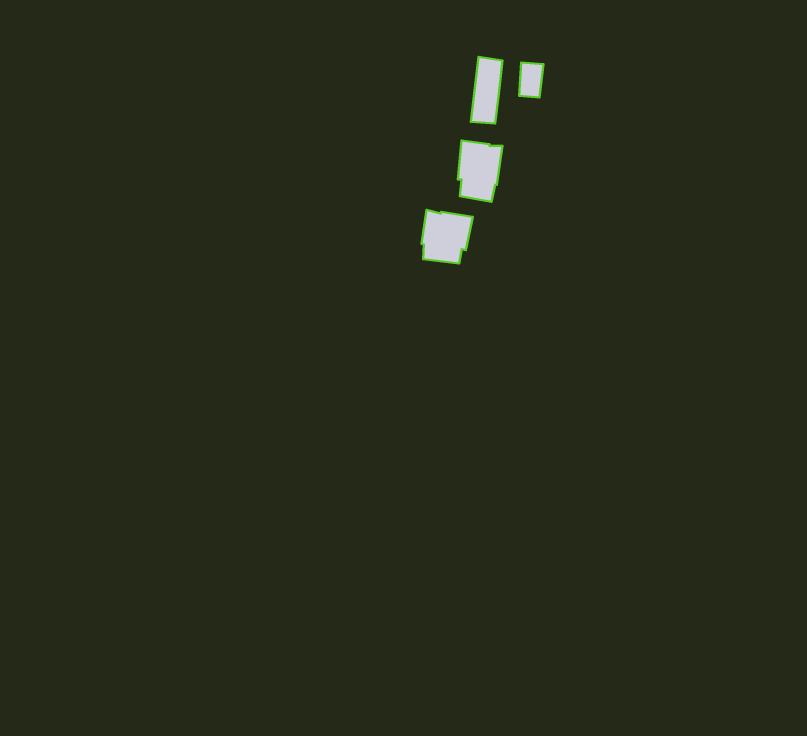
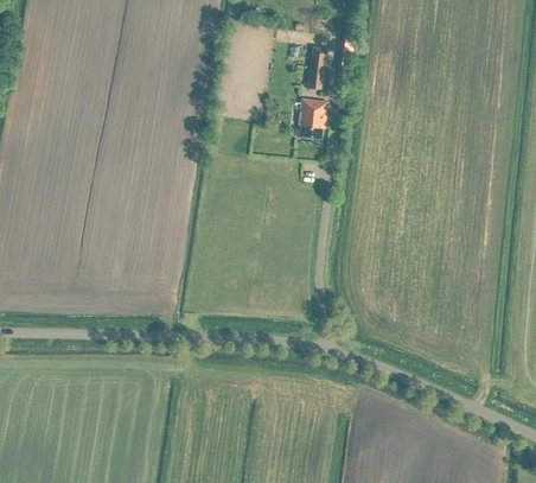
building: [422,210,473,263] -> none

